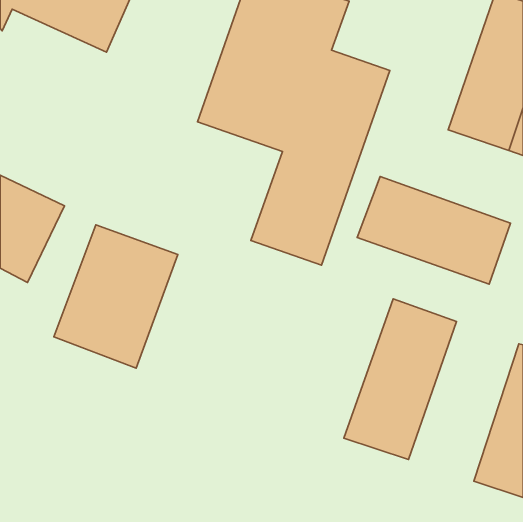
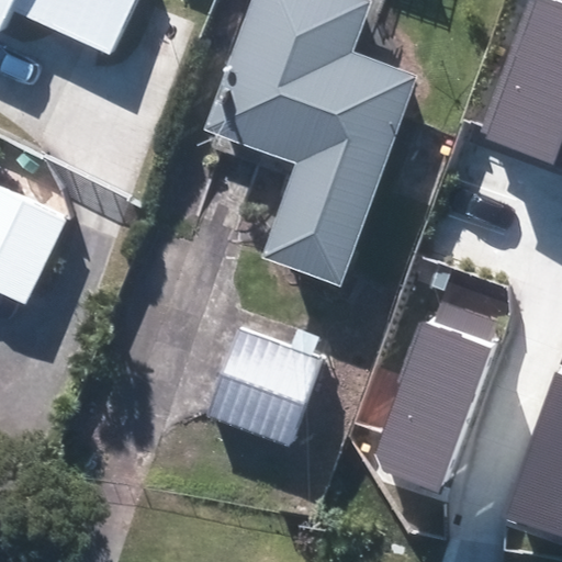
building: [357,177,511,284] -> none
building: [54,225,178,368] -> none
building: none -> [212,329,321,443]

